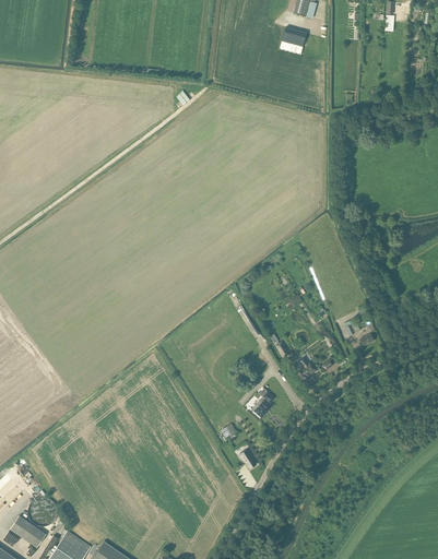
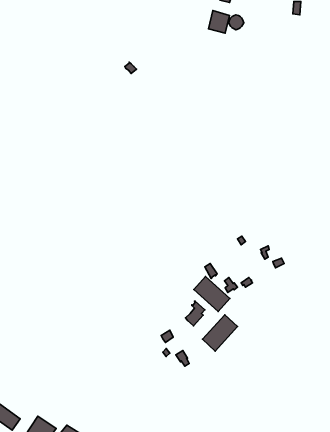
building: none -> [194,277,230,311]
building: none -> [202,315,237,351]

